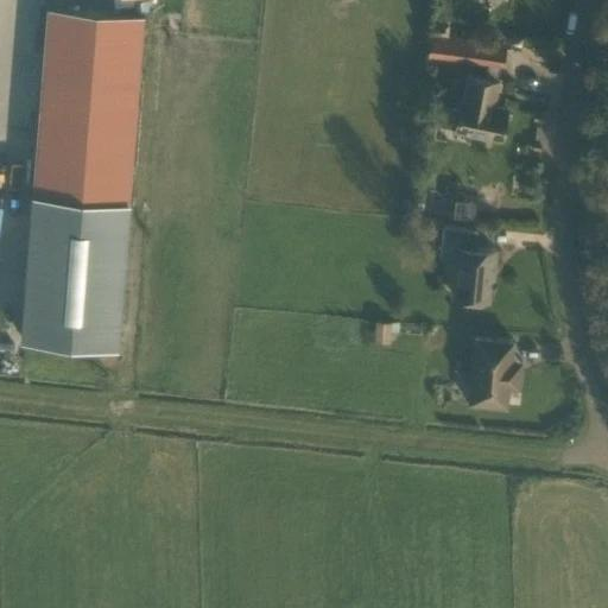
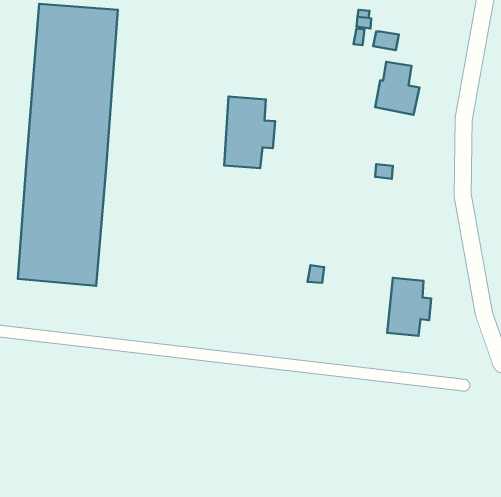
building: none -> [224,97,275,168]
building: [441,230,498,305] -> none

